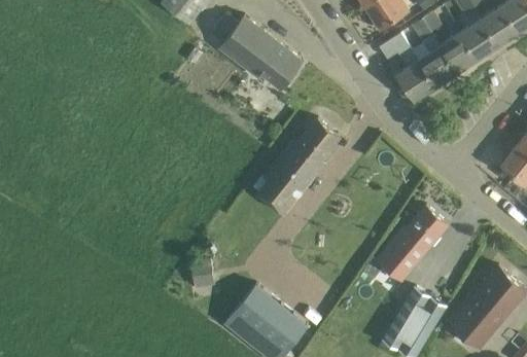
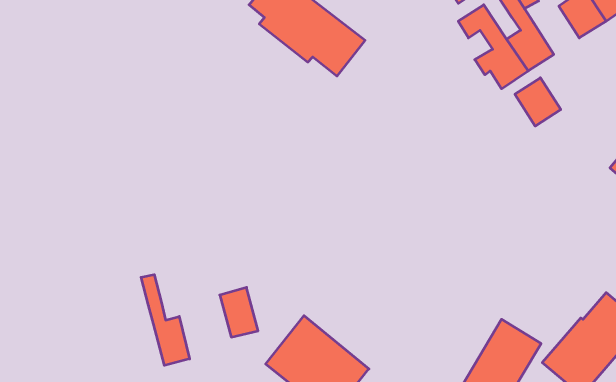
building: [440,33,477,72] -> [515,78,561,126]
building: [255,117,340,216] -> none
building: [376,205,448,279] -> none
building: none -> [141,275,190,365]

